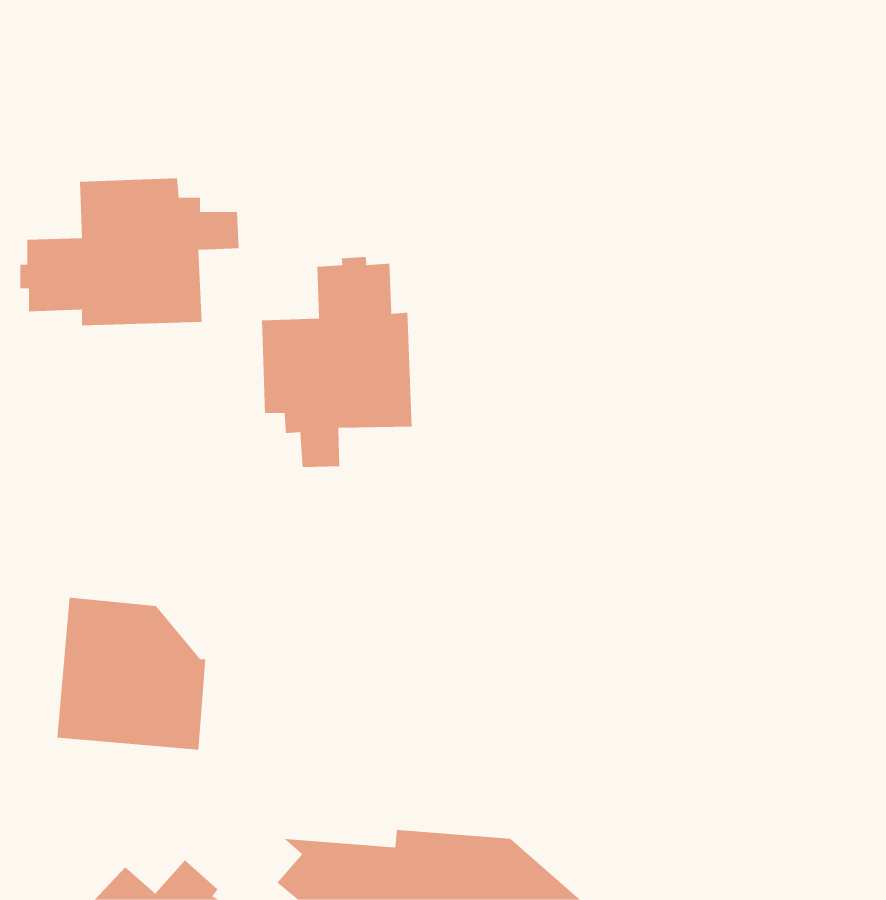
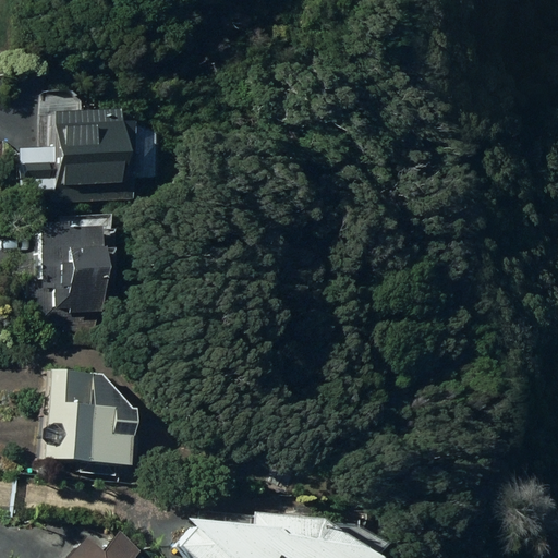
building: [262,256,412,468] -> none
building: none -> [32,222,104,331]

